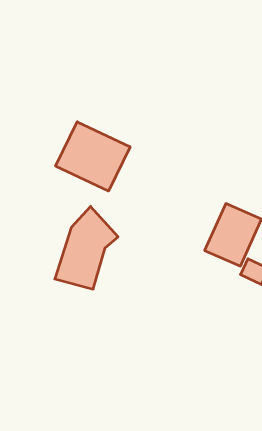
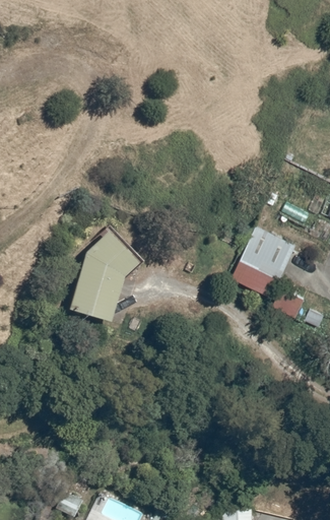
building: [56,122,130,191] -> none

